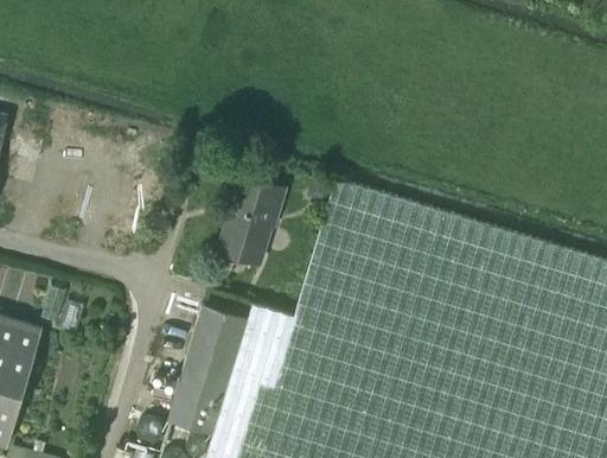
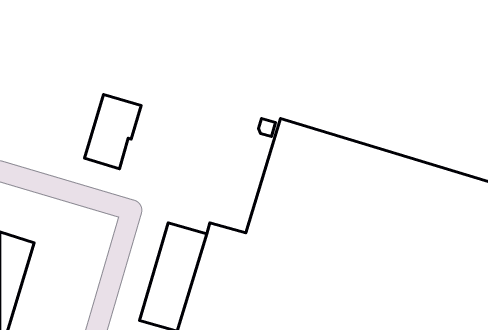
building: [218,176,286,265] -> [85,94,141,169]

